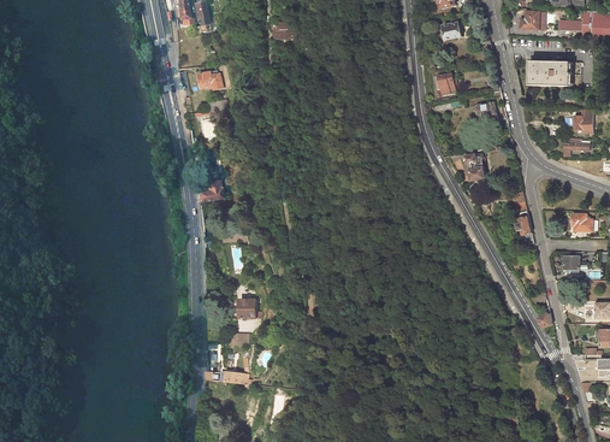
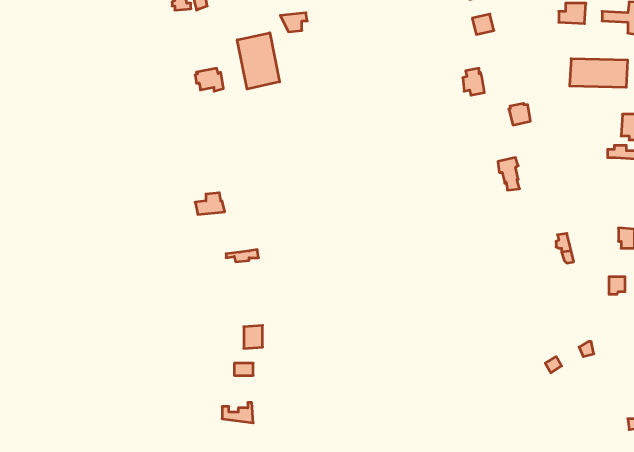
building: none -> [237,33,280,89]

